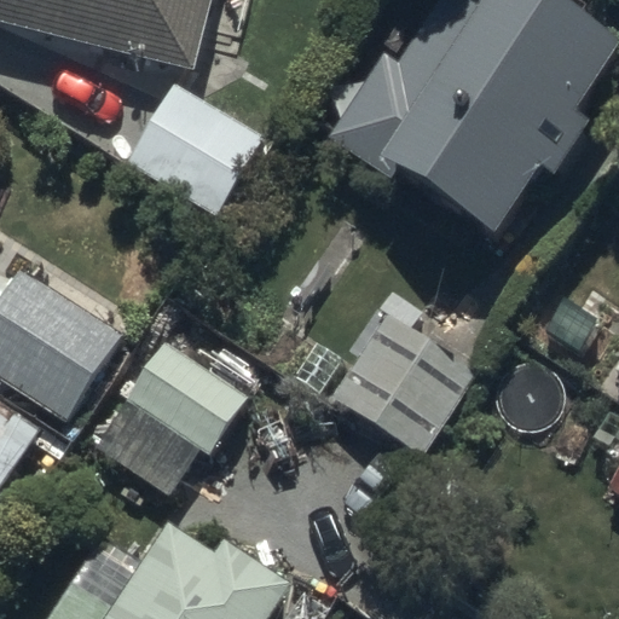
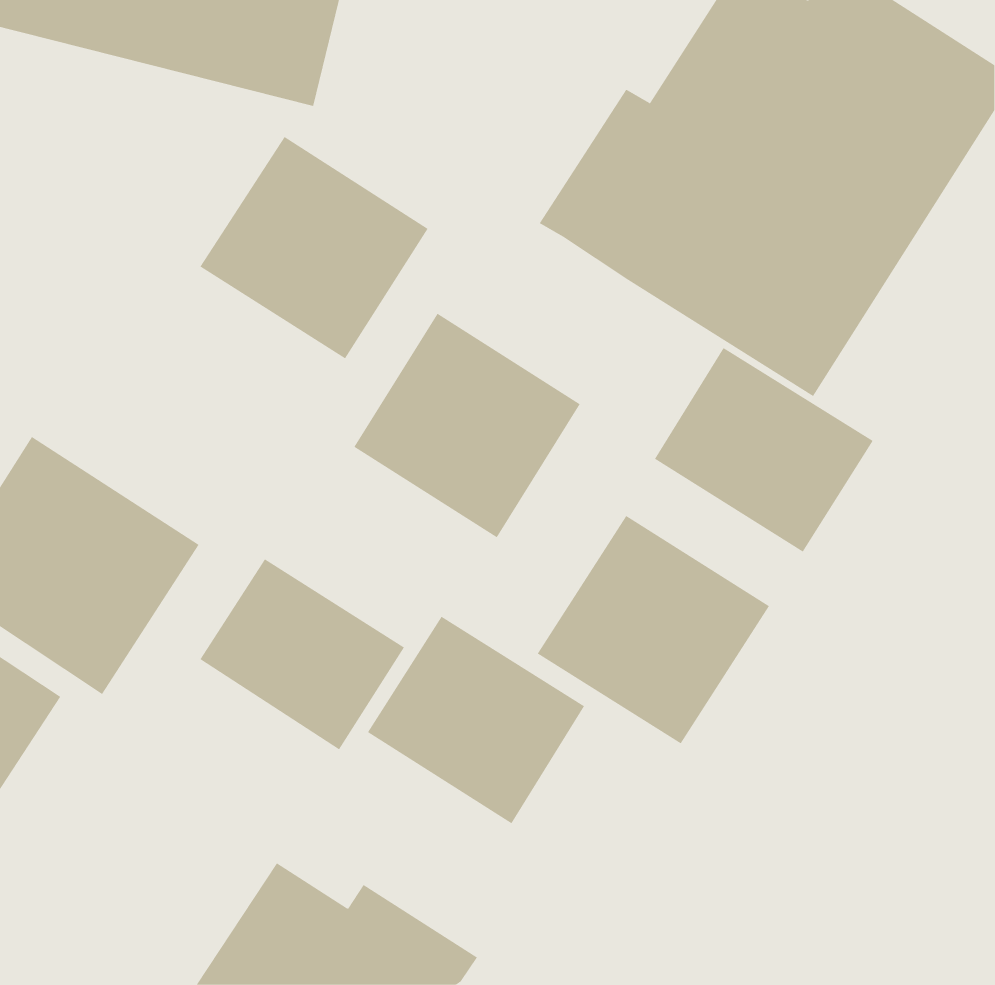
building: none -> [354,313,581,538]
building: none -> [654,347,874,553]
building: none -> [367,616,585,824]

